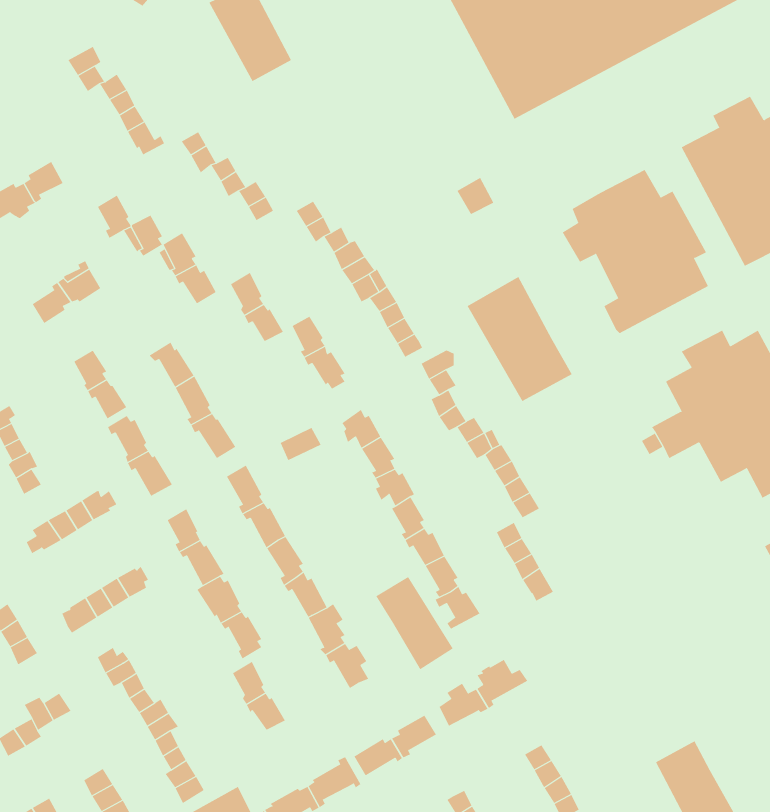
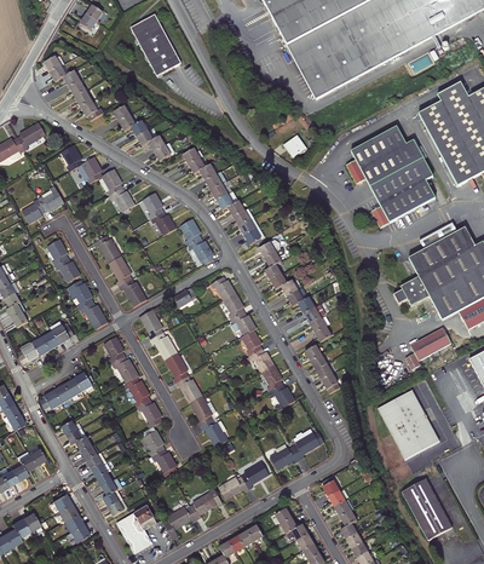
building: [467,276,573,402] -> none
building: none -> [405,327,451,369]
building: [376,576,454,670] -> none
building: none -> [378,389,438,457]

